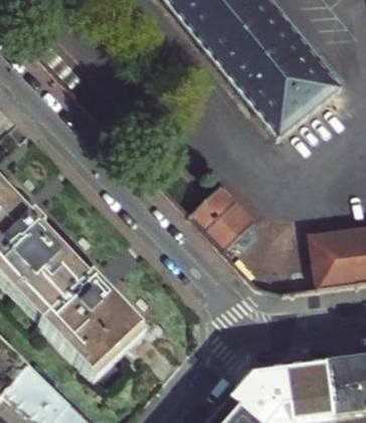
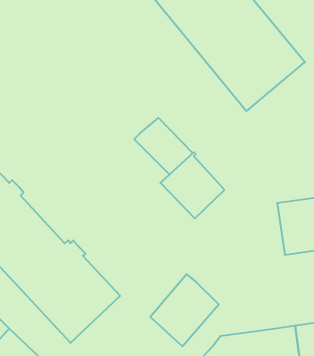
building: none -> [134,118,193,175]
building: none -> [150,274,219,346]

